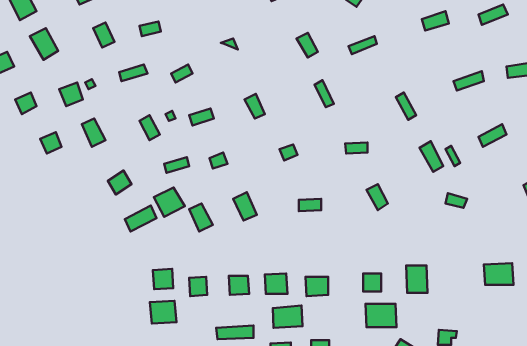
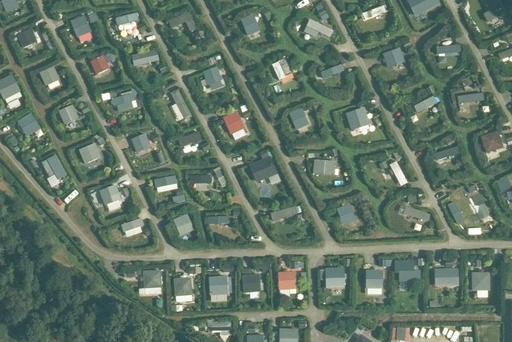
building: [154,187,185,217] -> none
building: none -> [396,258,423,281]
building: [150,301,176,323] -> none
building: [366,304,396,327] -> none
building: [273,306,302,328] -> none

